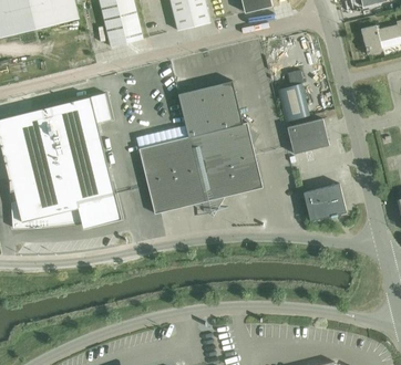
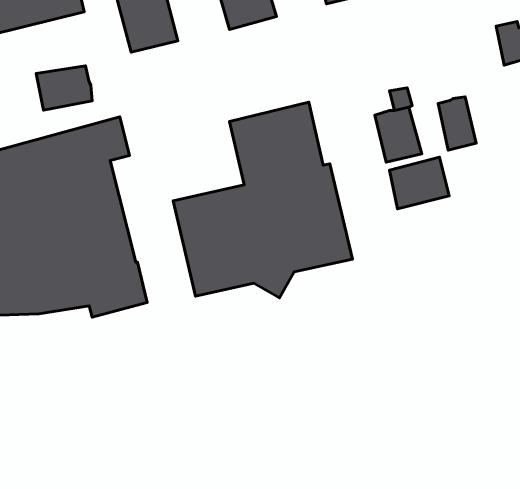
building: none -> [36,66,92,110]
building: none -> [438,97,476,150]
building: [302,184,346,221] -> none

